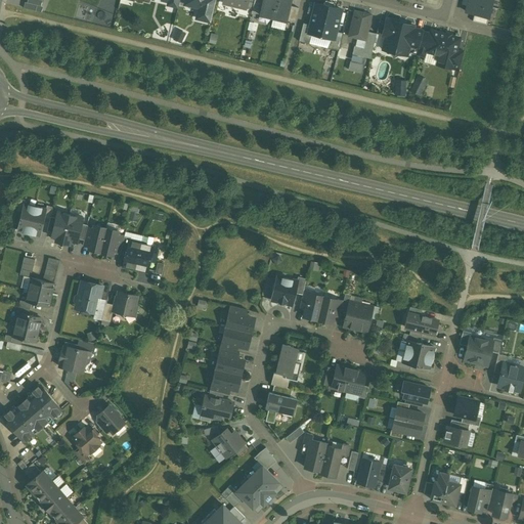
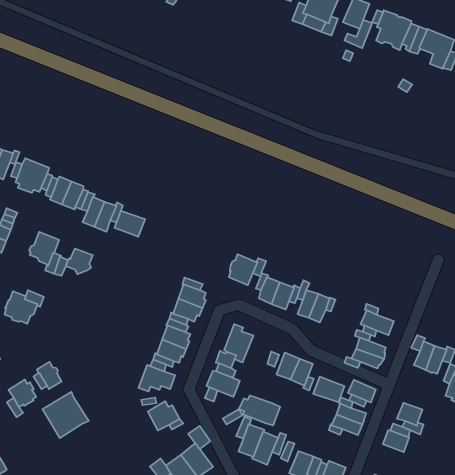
building: none -> [115,211,145,237]
building: none -> [313,377,345,402]
building: none -> [239,395,280,426]
building: none -> [42,392,89,438]

